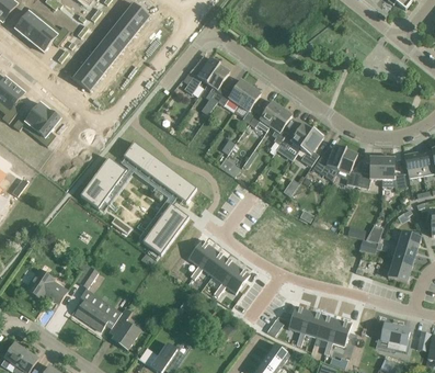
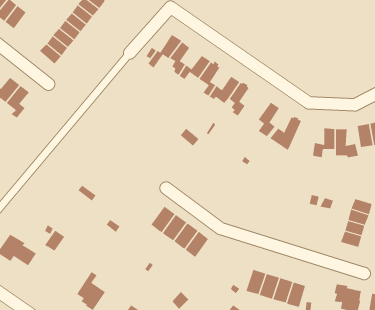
building: [279,122,313,151] -> none
building: [123,142,196,202] -> none
building: [335,149,359,185] -> none
building: [80,157,126,208] -> none
building: [142,203,188,255] -> none
building: [75,298,110,330] -> none

